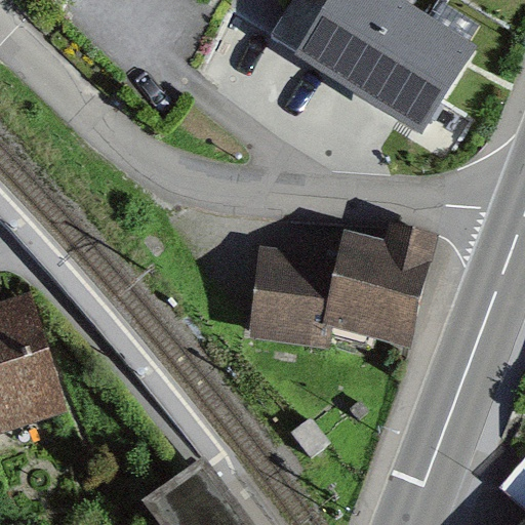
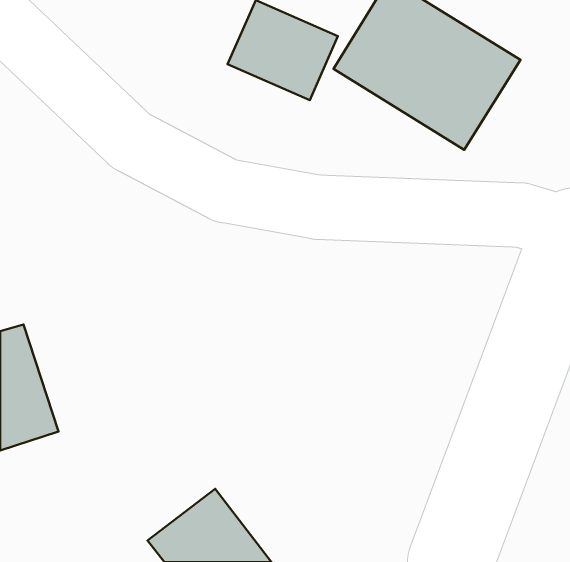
building: [245,224,428,349] -> none

